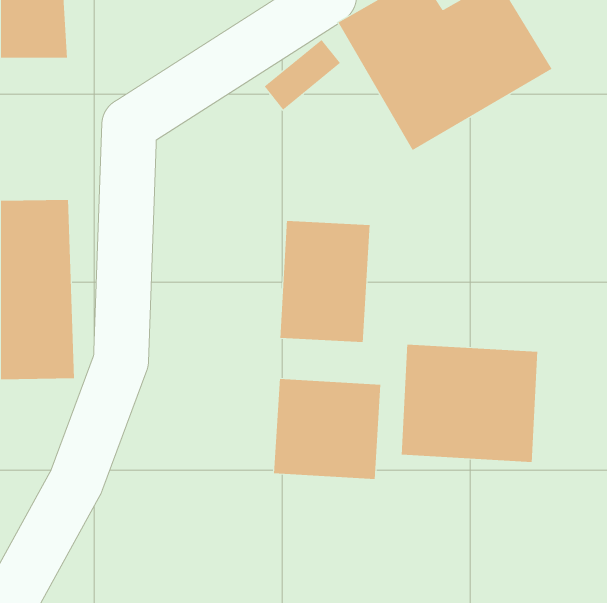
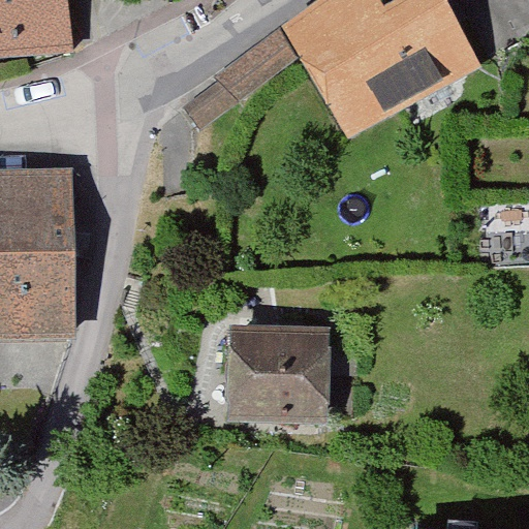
building: [280,220,370,343] -> none
building: [401,344,538,463] -> none

